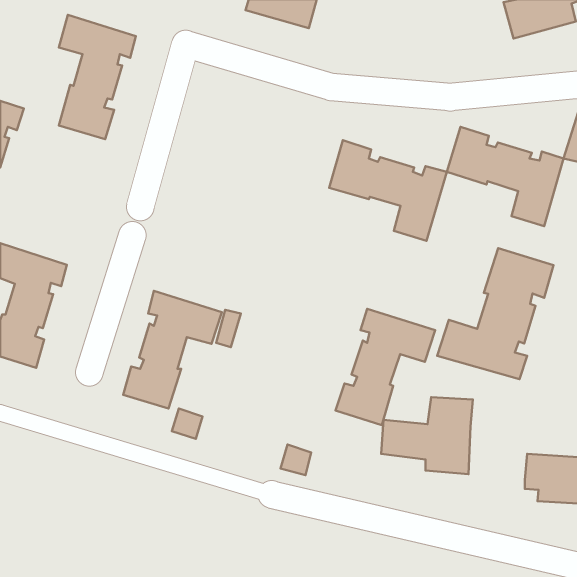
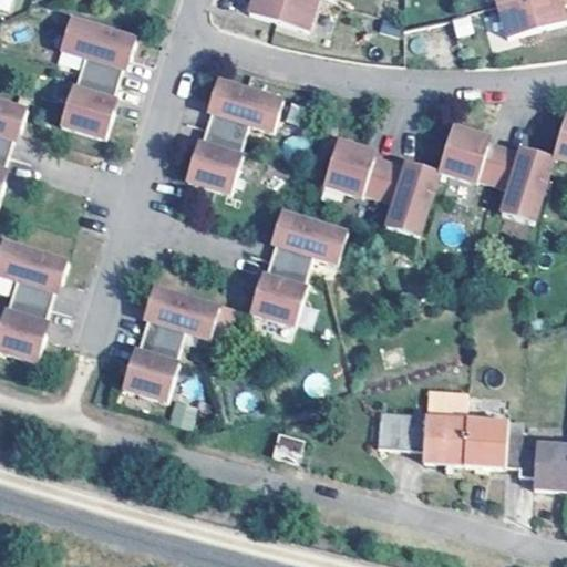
building: none -> [184,78,282,192]
building: [437,248,554,379] -> none
building: [336,309,435,425] -> [248,209,346,323]
building: none -> [460,417,517,470]

